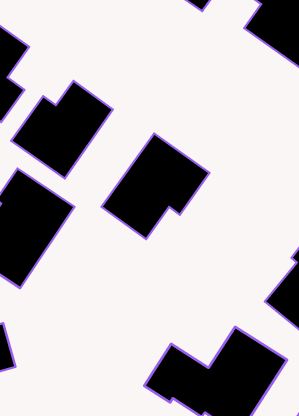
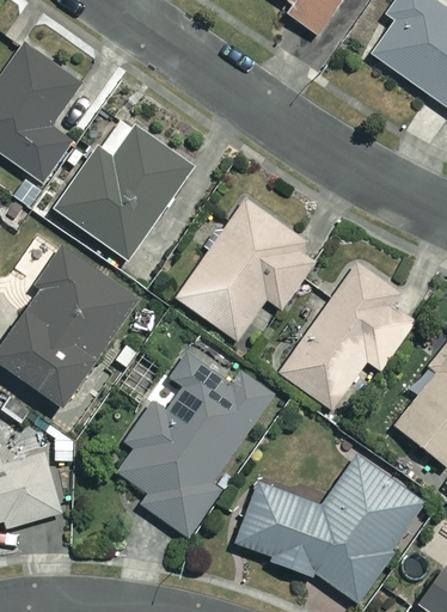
building: none -> [278,262,423,409]
building: none -> [118,350,267,536]

